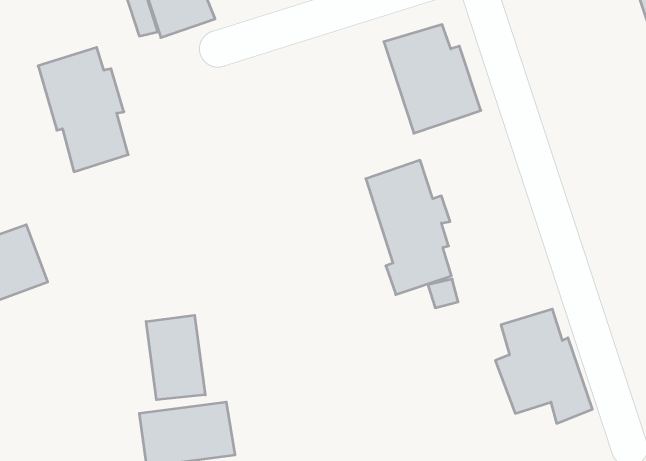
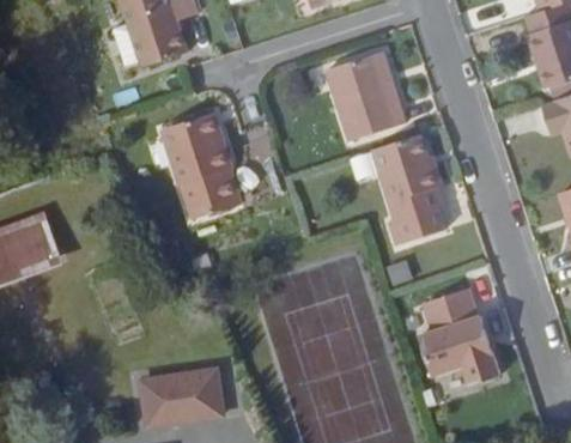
building: [38,47,128,172] -> [164,116,239,220]
building: [366,160,451,295] -> [379,138,451,250]
building: [146,315,205,400] -> none

